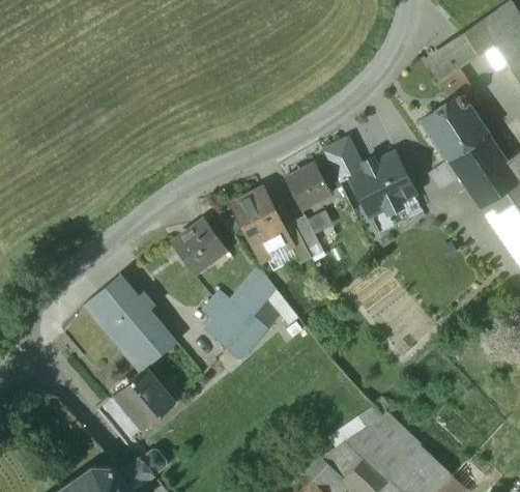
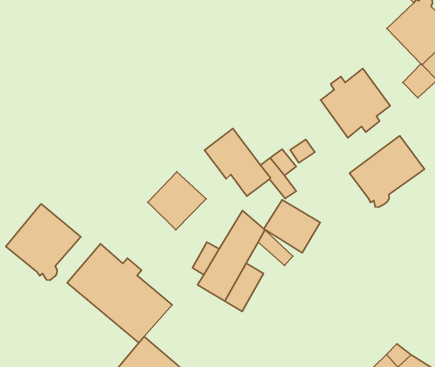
building: [323,140,364,182] -> none
building: [285,163,333,209] -> none
building: none -> [350,136,424,207]
building: none -> [6,204,81,280]
building: none -> [264,200,320,253]

